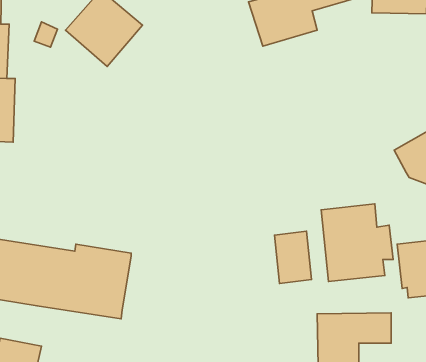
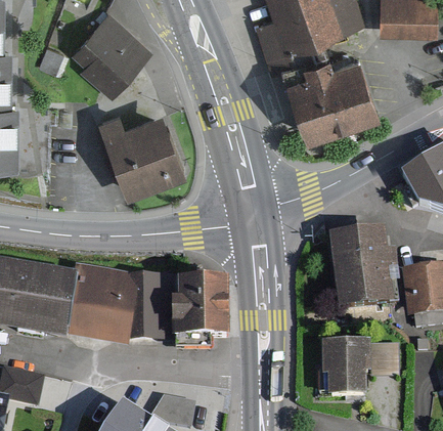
building: none -> [286,44,374,135]
building: none -> [97,110,185,193]
building: [274,231,312,283] -> none
building: none -> [127,283,227,338]

